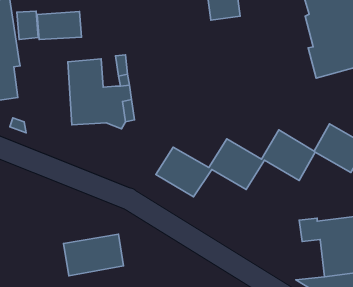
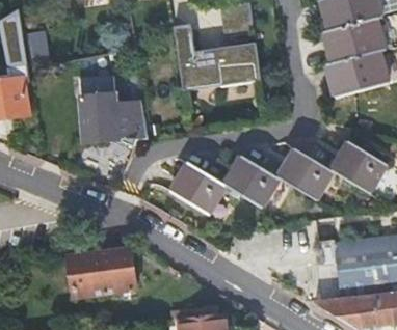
building: none -> [174,25,262,91]
building: [37,11,82,40] -> none

